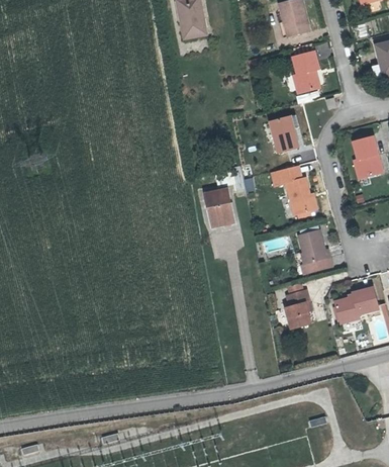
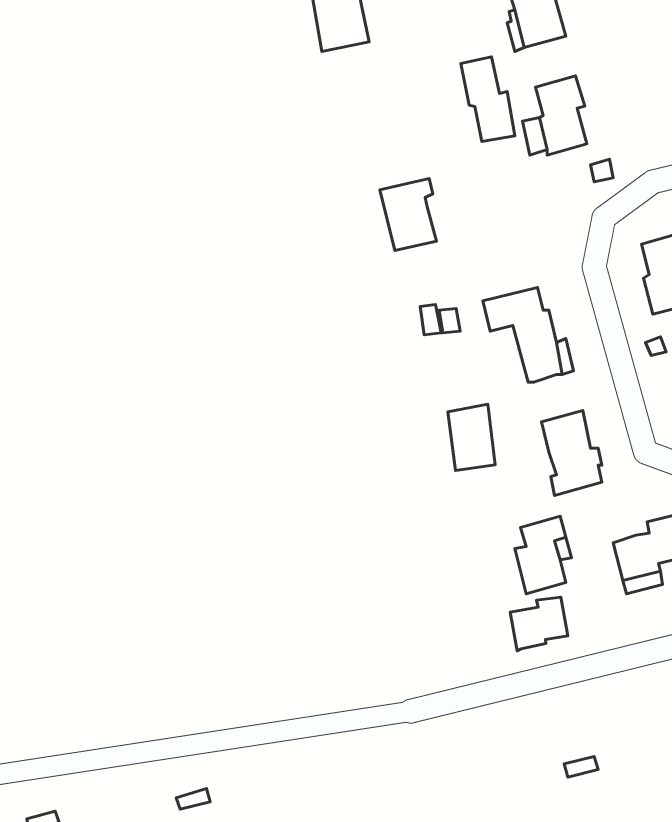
building: none -> [461,57,515,142]
building: [272,115,302,154] -> [380,179,437,250]
building: [205,188,230,223] -> [448,404,495,470]
building: none -> [510,597,568,651]

